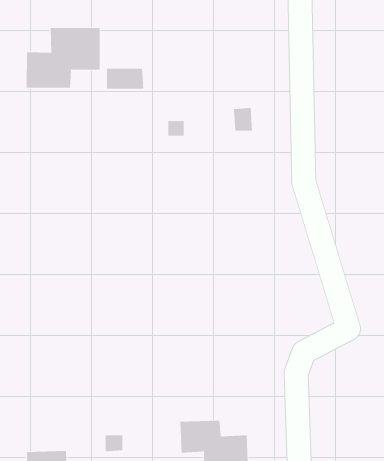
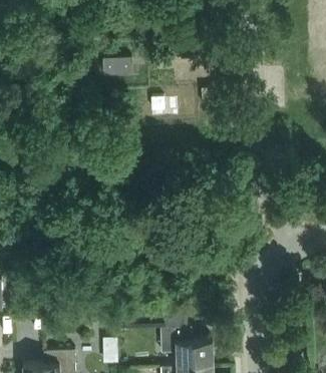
building: [26,27,100,89] -> none

